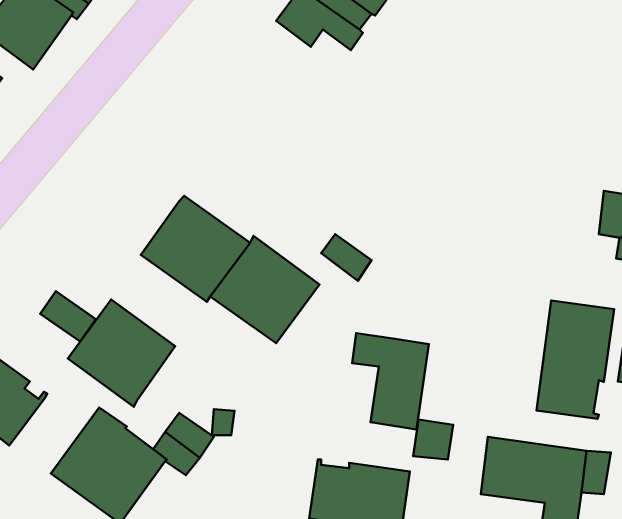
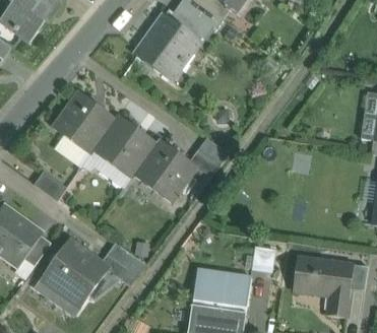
building: none -> [135,9,198,79]
building: [68,299,175,407] -> [52,91,115,154]
building: [537,300,614,419] -> none
building: [352,333,429,430] -> none
building: none -> [19,234,51,267]

